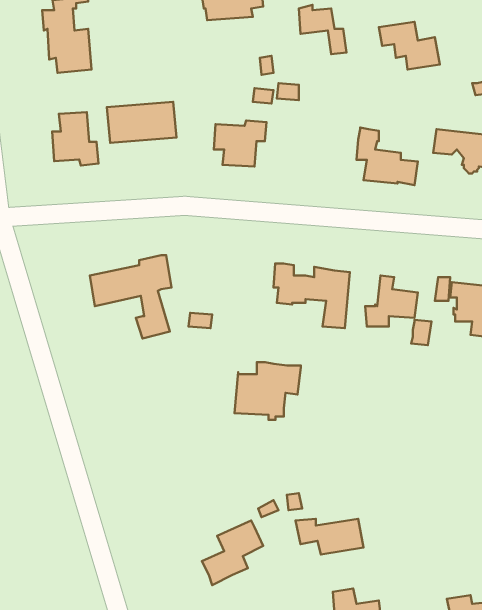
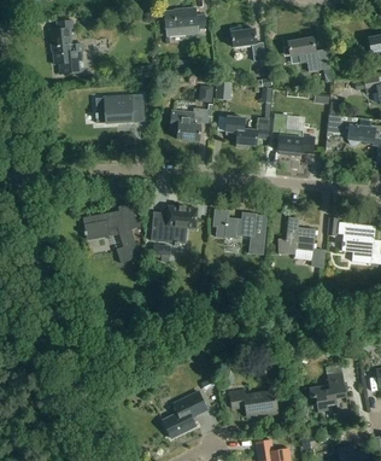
building: [52,112,98,165] -> none
building: none -> [225,116,269,148]
building: [235,362,301,420] -> [151,204,198,245]
building: none -> [309,372,352,419]

